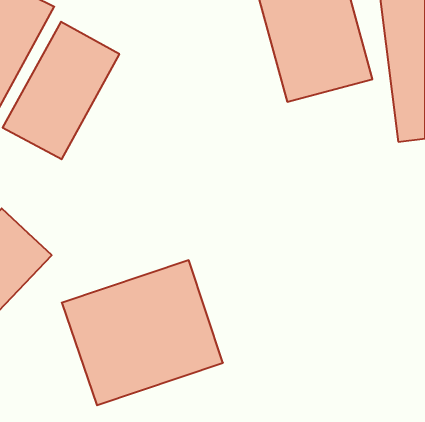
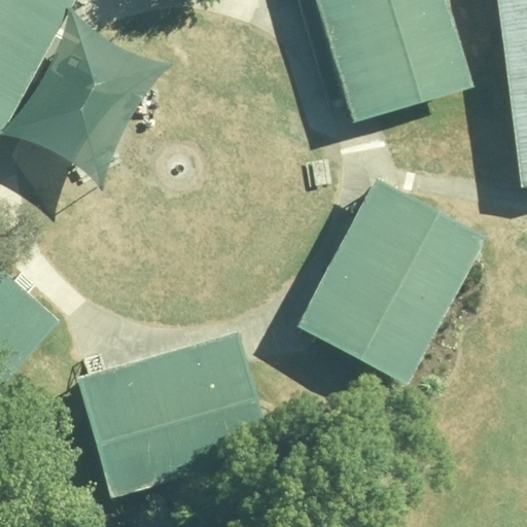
building: none -> [297,175,495,381]

